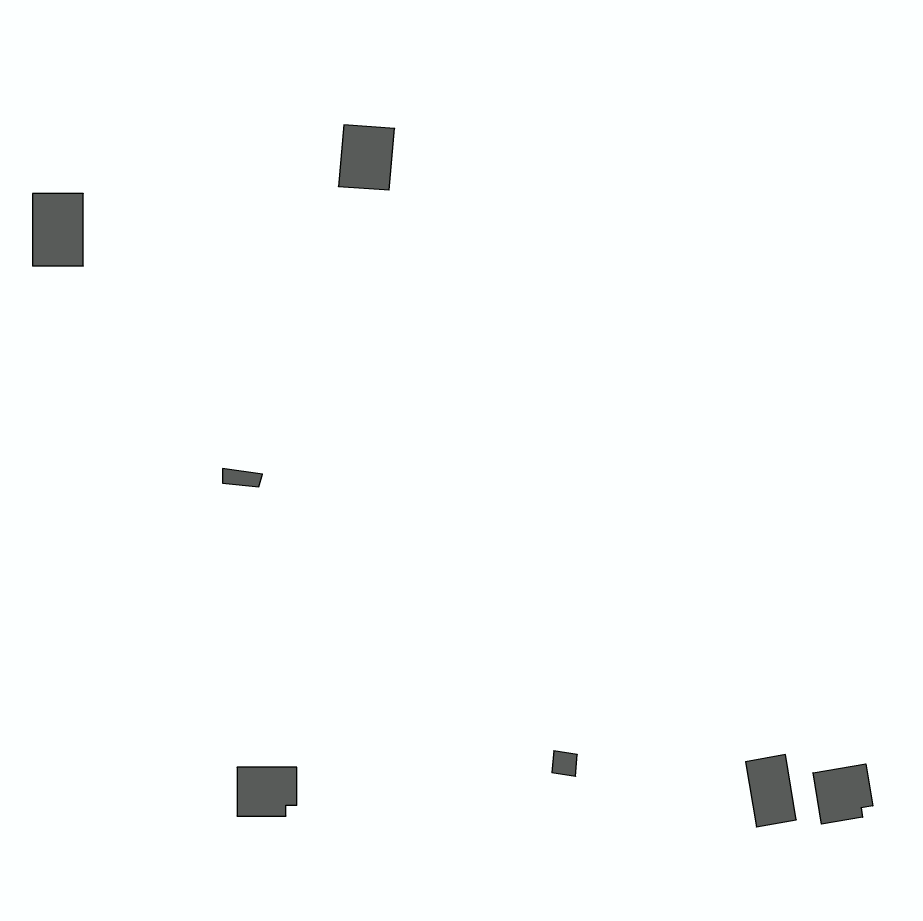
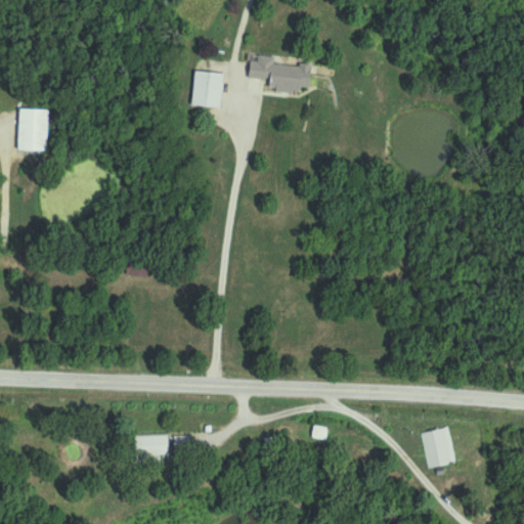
building: none -> [248,53,310,91]
building: [813,764,873,824] -> none

